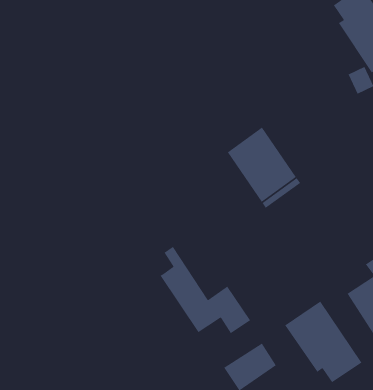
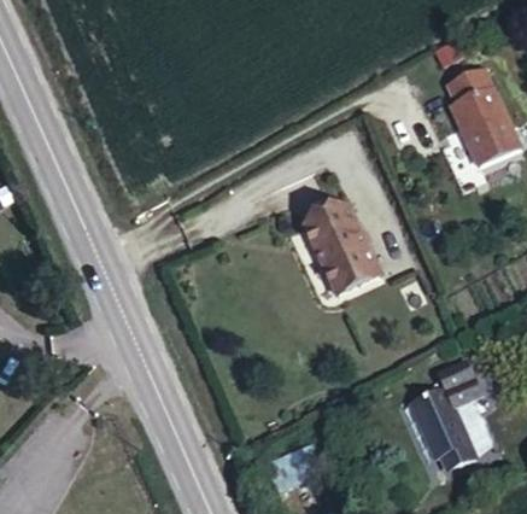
building: [159,246,251,334] -> none
building: [284,300,362,383] -> none

